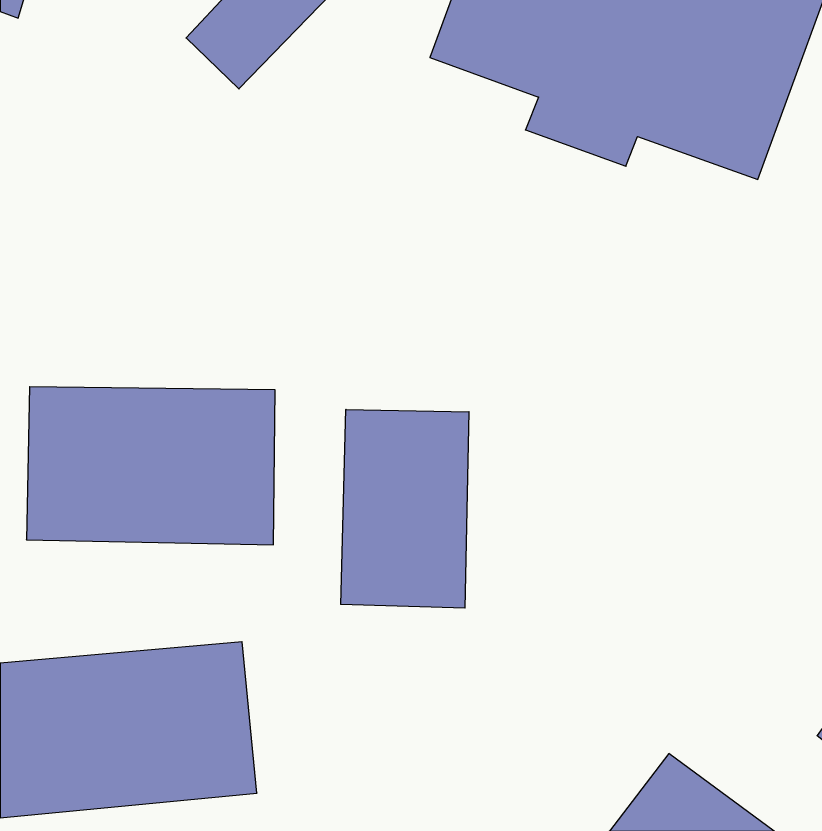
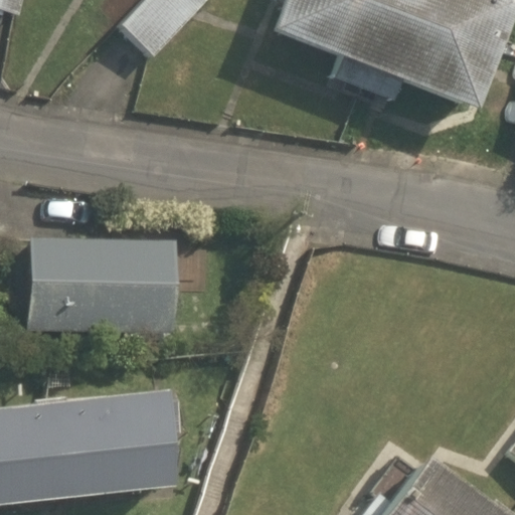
building: [341,409,469,608] -> none

